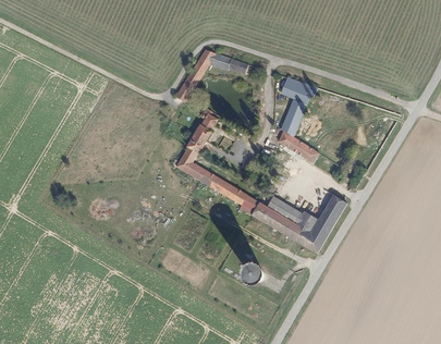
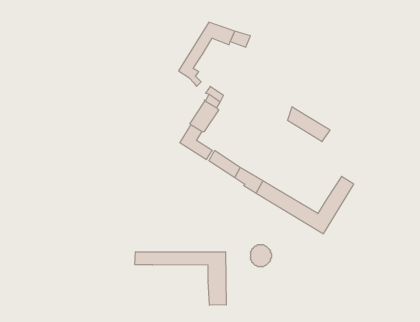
building: [277,74,319,135] -> none
building: [269,196,318,233] -> none
building: none -> [135,252,226,305]

